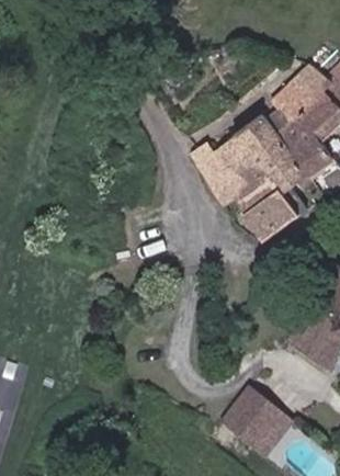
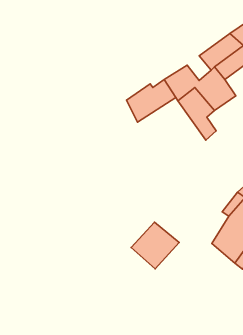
building: [202,158,290,234] -> none
building: [227,393,288,453] -> [131,222,179,269]

